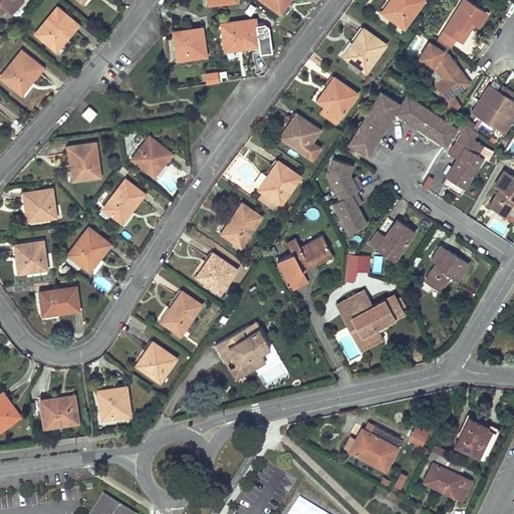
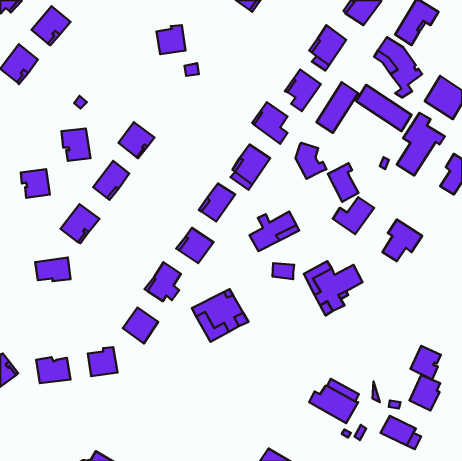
building: [221,19,272,55] -> none
building: [332,192,366,235] -> [328,163,359,202]
building: [14,241,47,273] -> none
building: [345,255,369,273] -> [272,263,294,279]
building: none -> [411,346,441,379]

